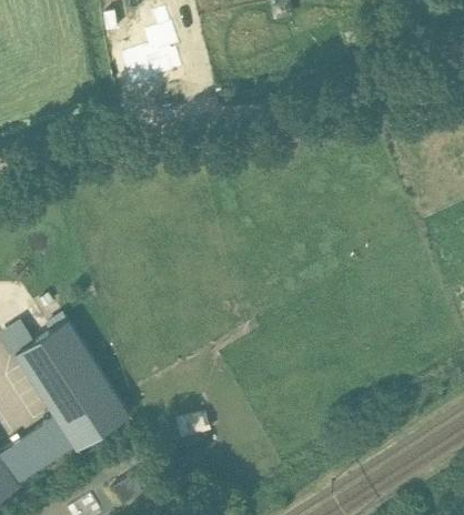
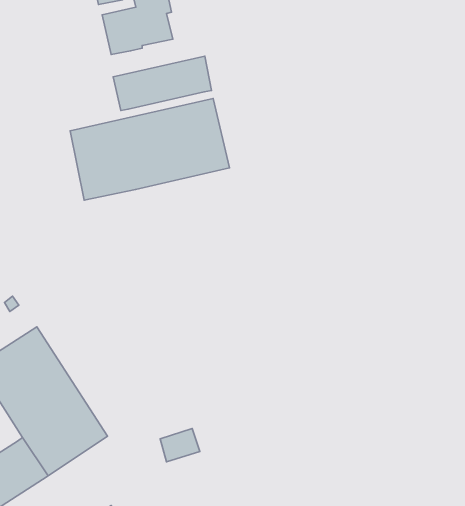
building: none -> [113,56,211,110]
building: none -> [70,99,229,200]

